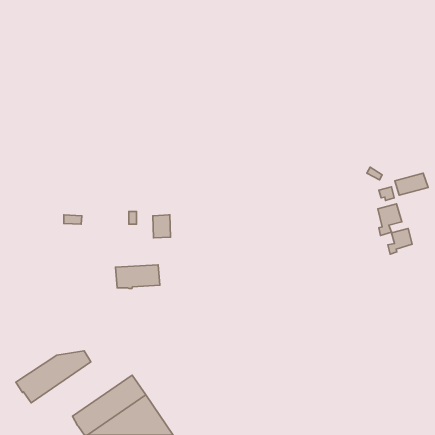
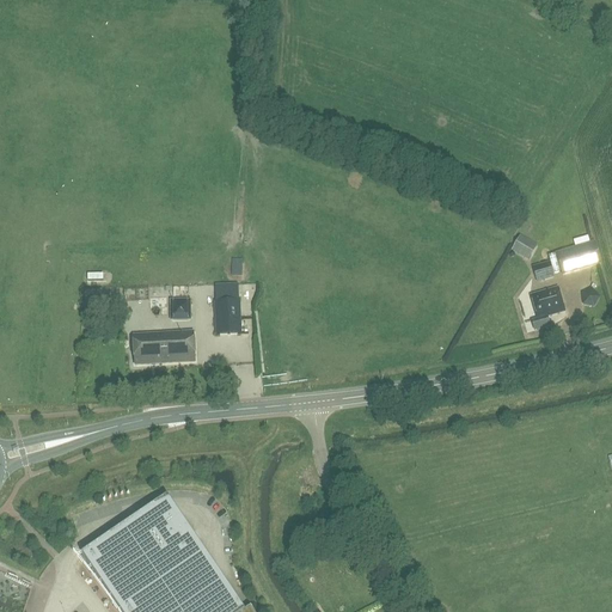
building: [388,228,412,254] -> none
building: [115,265,160,289] -> [131,331,194,365]
building: [16,351,91,403] -> [80,510,185,583]

